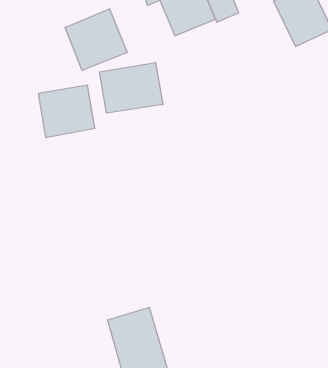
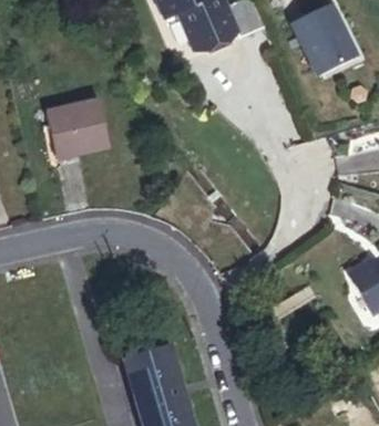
building: [65,9,127,71] -> none
building: [100,62,163,113] -> none

